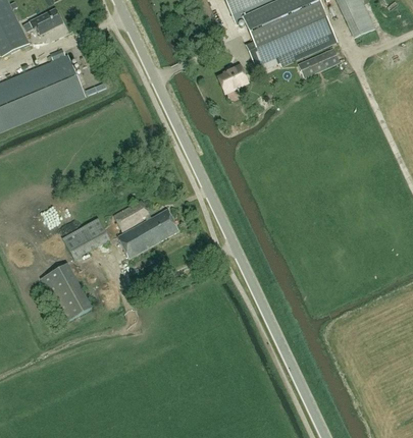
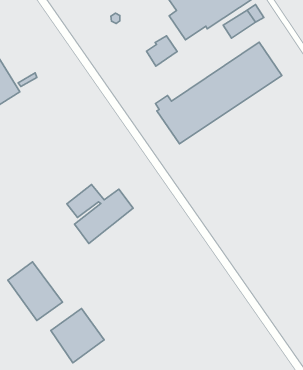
building: none -> [155,42,282,144]
building: [62,221,109,260] -> none
building: none -> [51,309,104,363]

